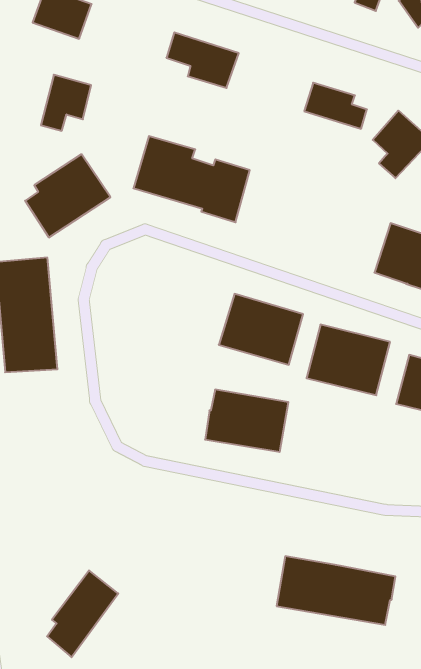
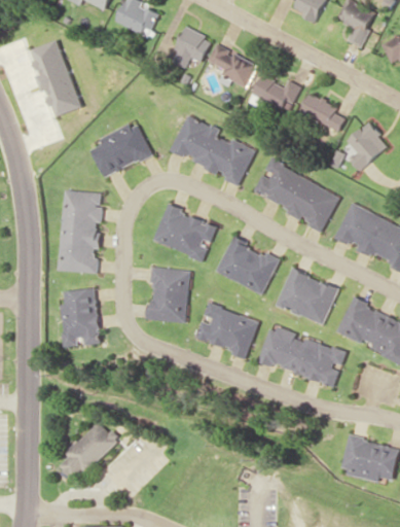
building: none -> [252,75,302,108]
building: [41,75,91,131] -> [171,27,211,68]
building: none -> [252,159,340,230]
building: none -> [152,203,217,260]
building: none -> [147,267,190,322]
building: none -> [61,288,100,346]
building: [277,556,395,625] -> [258,325,347,385]

